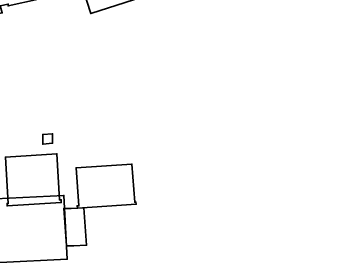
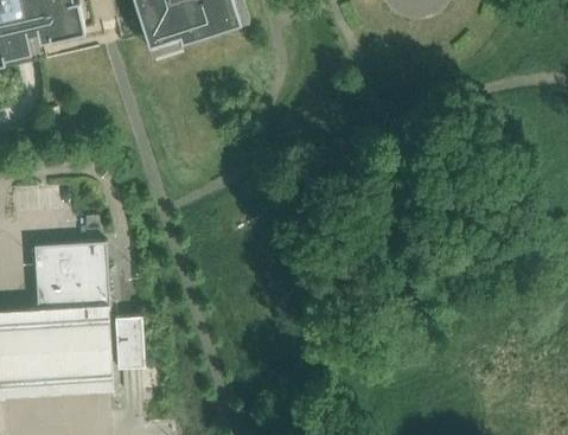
building: [76,164,136,208] -> none

